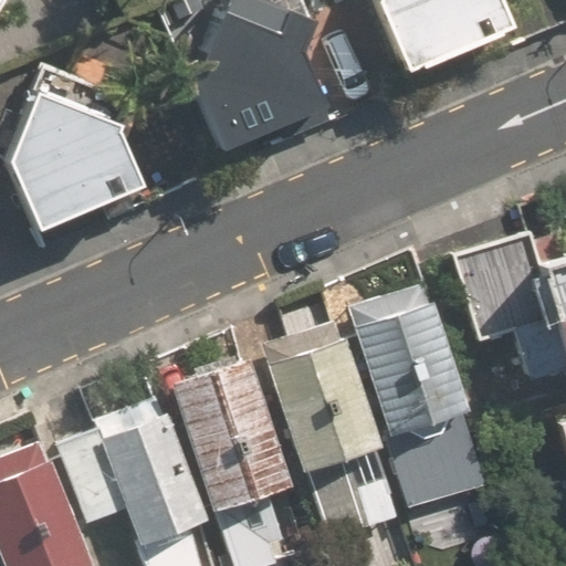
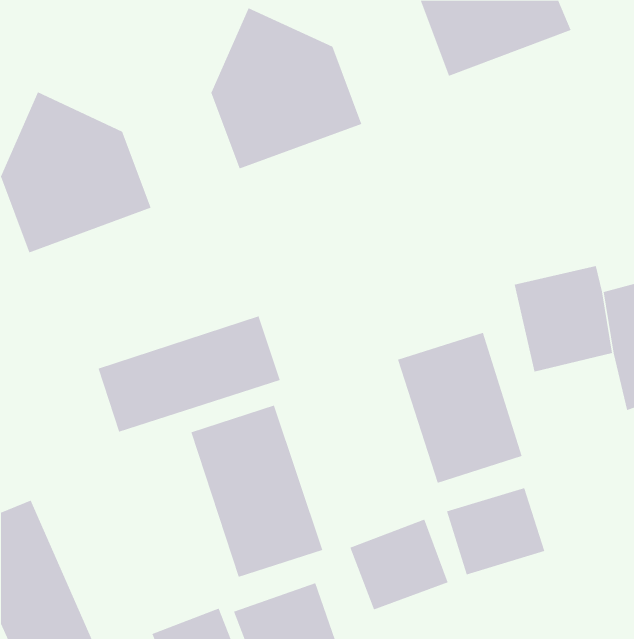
building: none -> [98,315,281,433]
building: [261,322,384,471] -> none
building: [60,401,209,546] -> none

